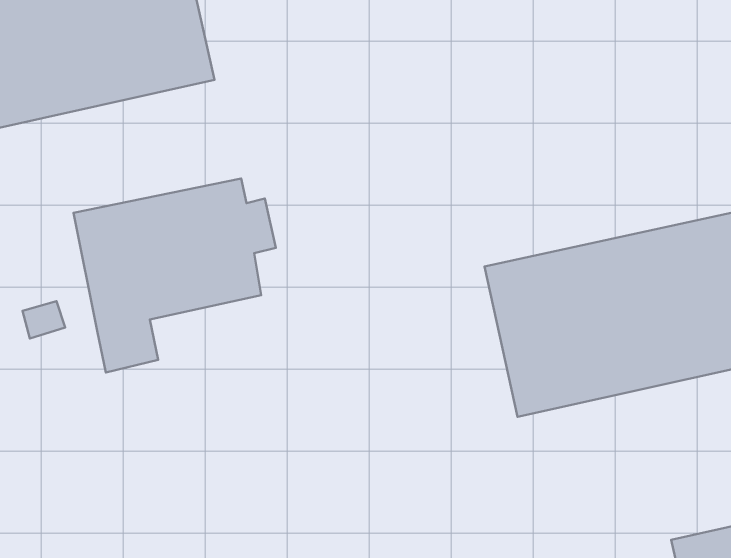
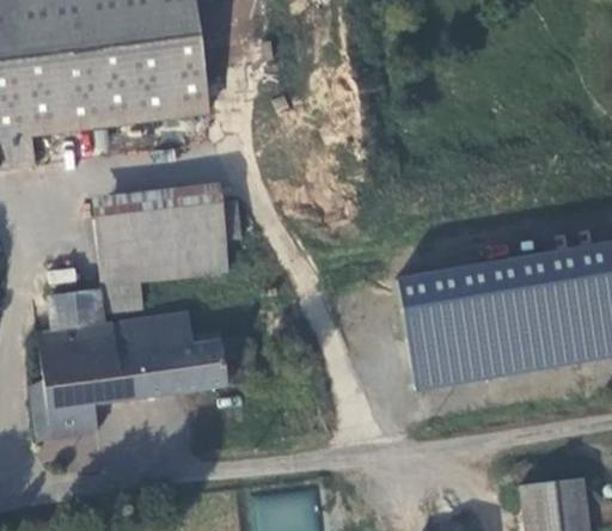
building: none -> [29,291,228,443]

